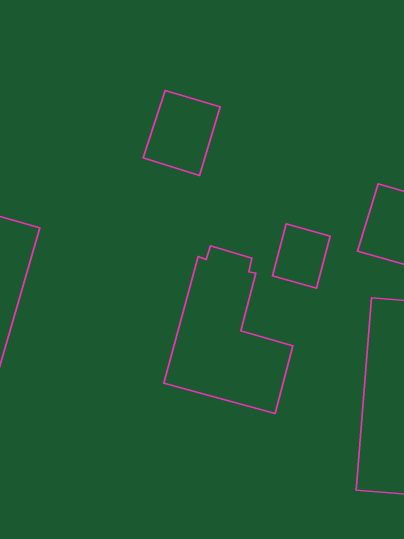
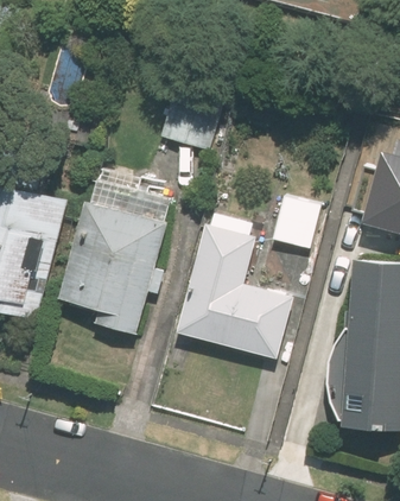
building: none -> [61,164,169,336]

